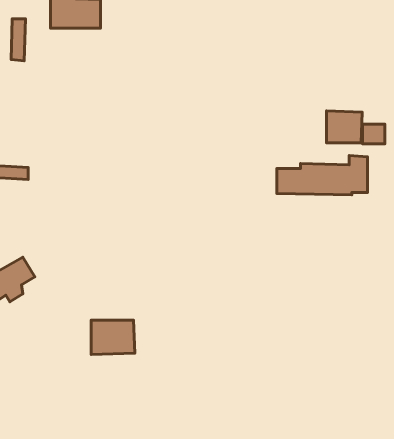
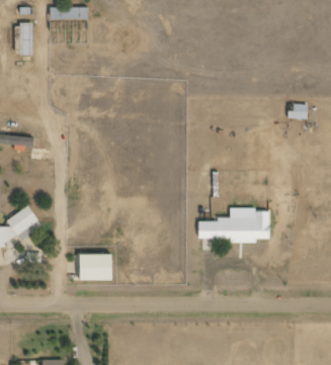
building: [326,111,362,143] -> none
building: [277,155,368,195] -> [198,210,268,241]

